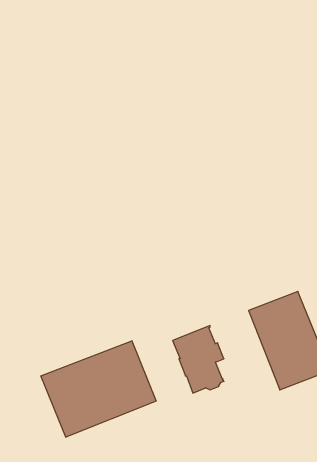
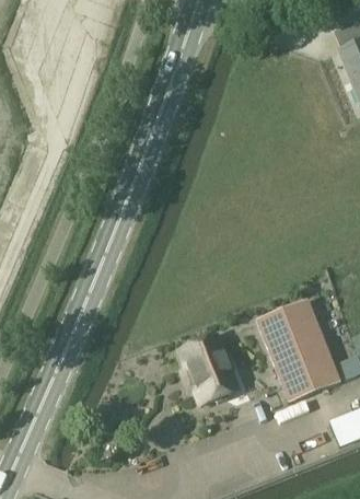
building: [41,341,156,437] -> none

